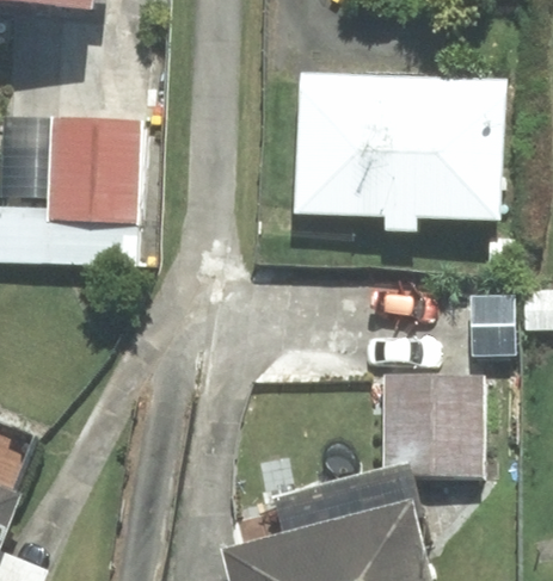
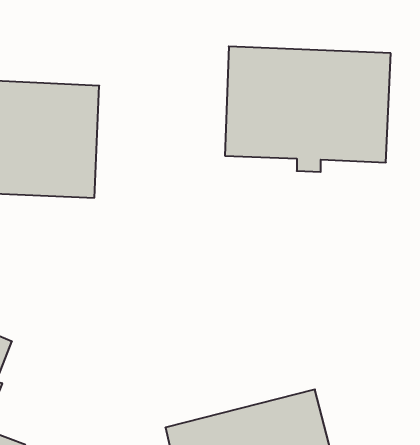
building: [386,375,481,475] -> none

